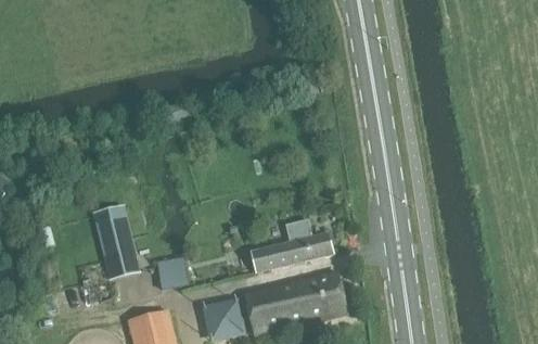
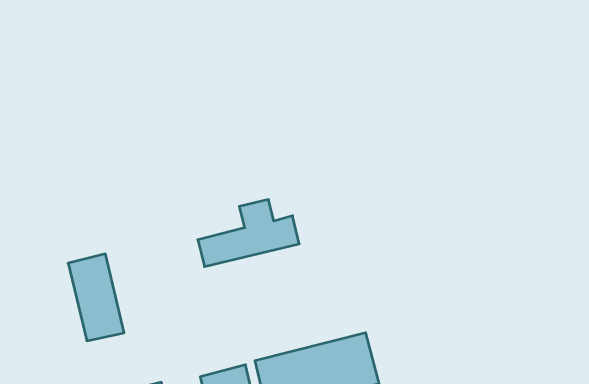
building: [251,218,333,272] -> [198,200,299,267]
building: [156,257,188,290] -> none

